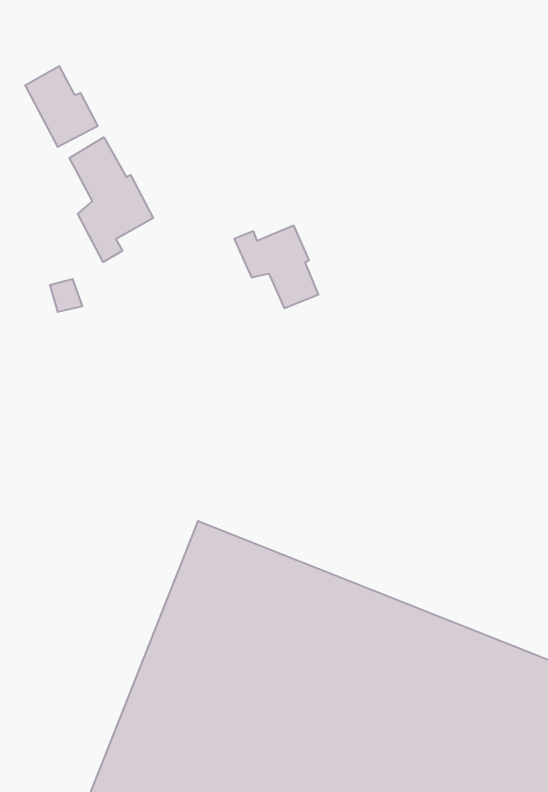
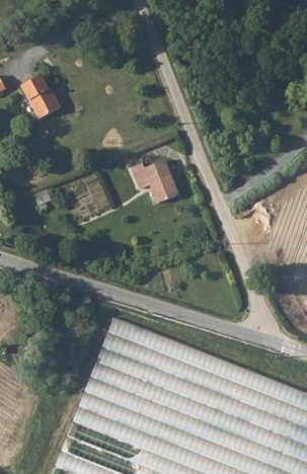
building: [69,137,153,262] -> none

